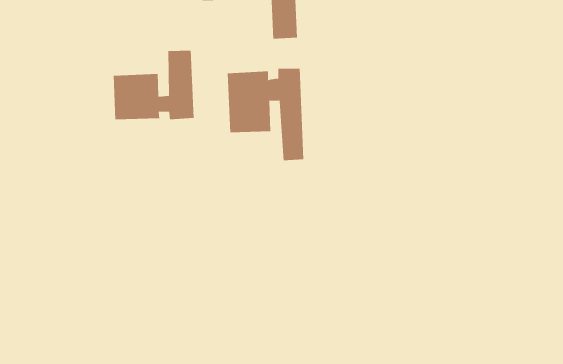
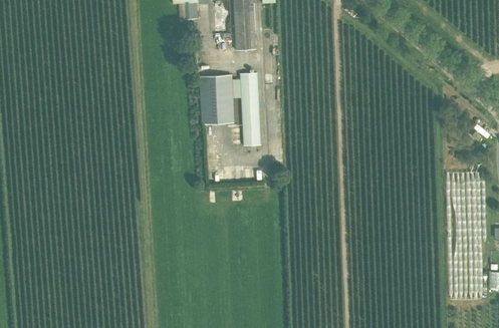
building: [113,50,194,120] -> none

